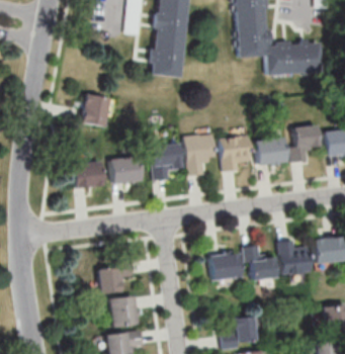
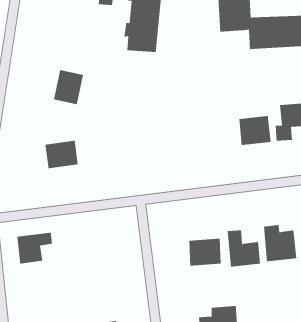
building: [184,132,213,176] -> none
building: [219,135,251,171] -> none
building: [151,143,181,179] -> none
building: [109,156,141,183] -> none
building: [99,264,134,294] -> [16,232,53,264]
building: [111,296,139,327] -> none

